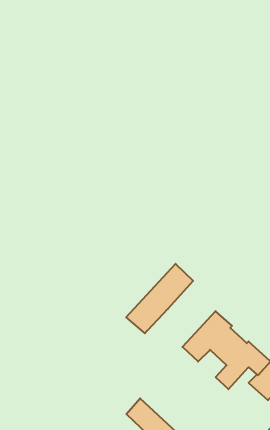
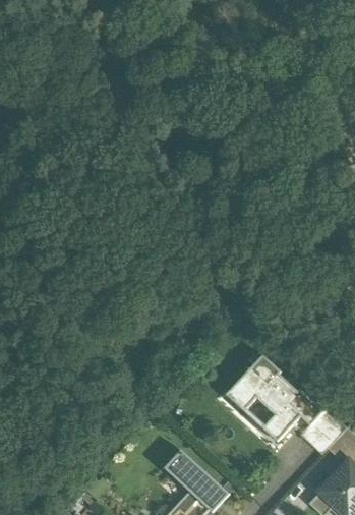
building: [126,264,193,333] -> none

